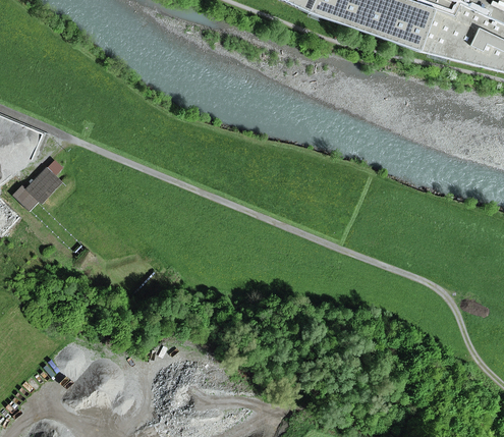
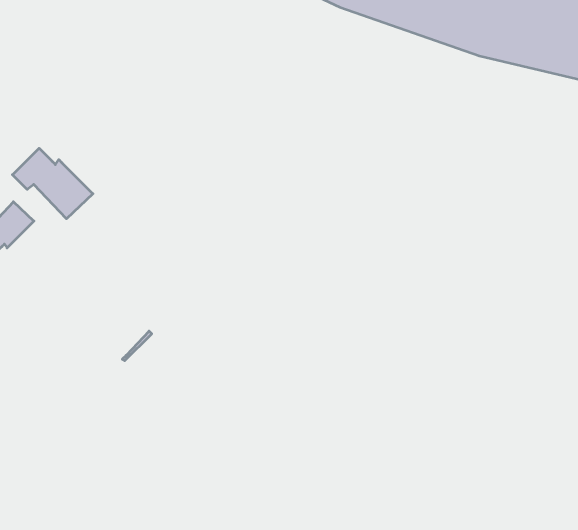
building: none -> [12,148,93,219]

